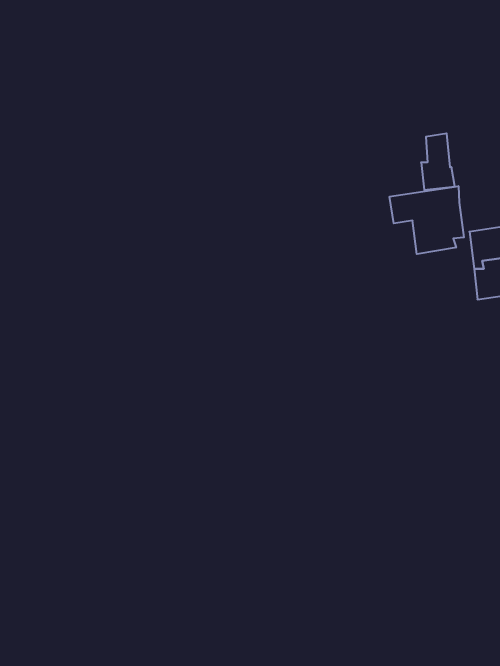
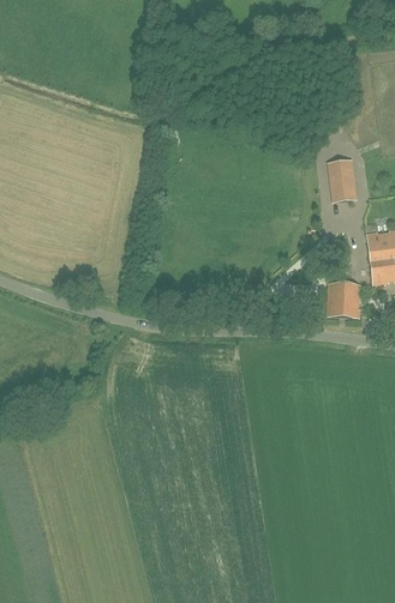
building: [390,186,464,254] -> none
building: none -> [327,283,360,316]

